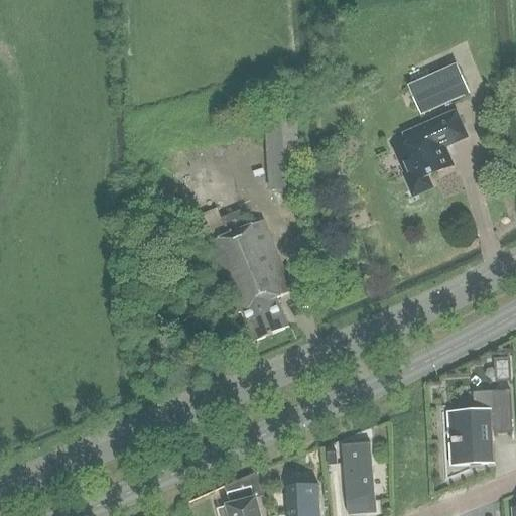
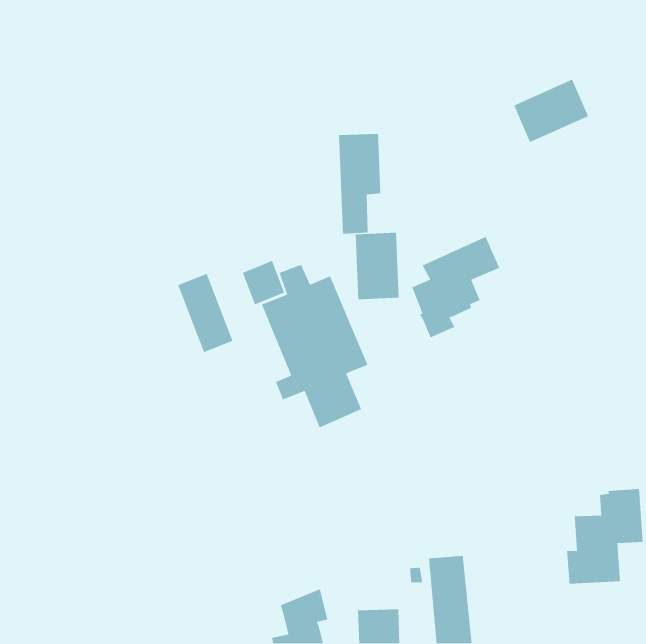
building: [394,110,467,191] -> [410,236,501,339]
building: none -> [355,232,399,300]
building: none -> [177,273,234,353]

